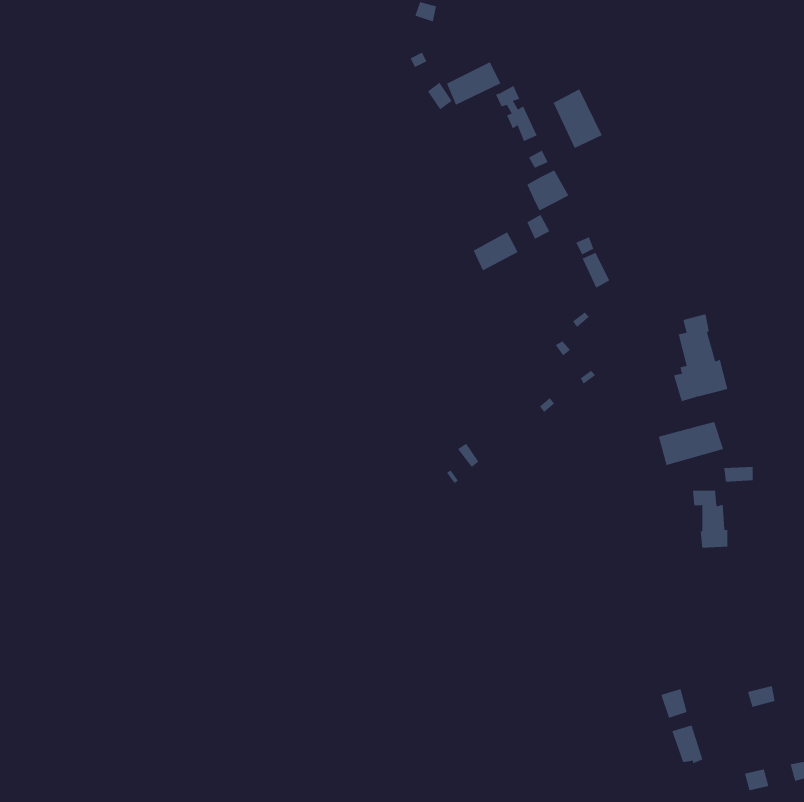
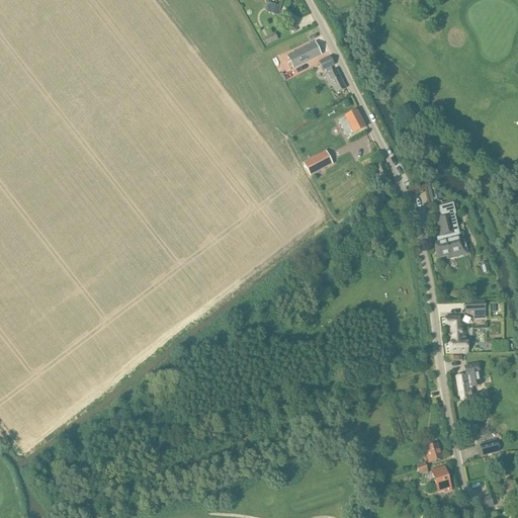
building: [553,88,603,149] -> none
building: [658,421,724,466] -> none
building: none -> [456,362,482,400]

